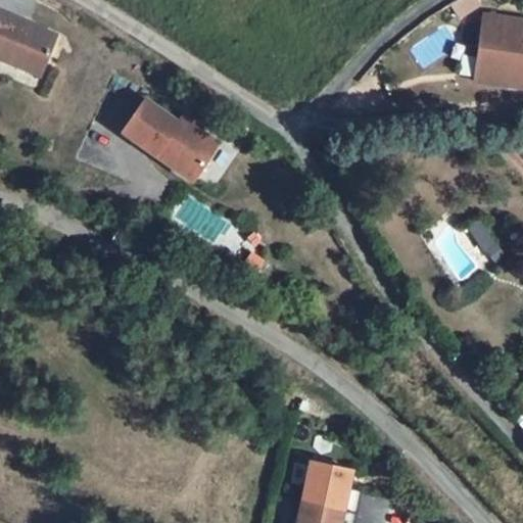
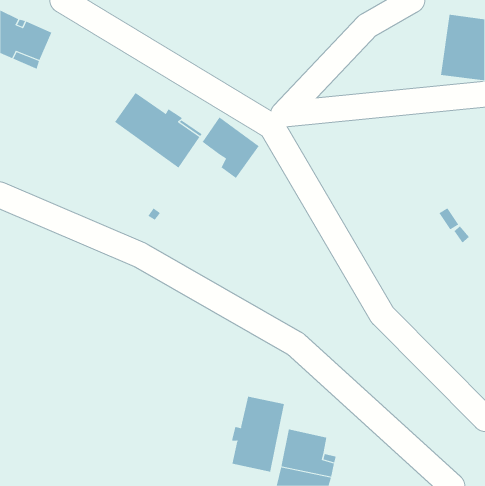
building: none -> [202,117,260,179]
building: none -> [231,396,284,473]

